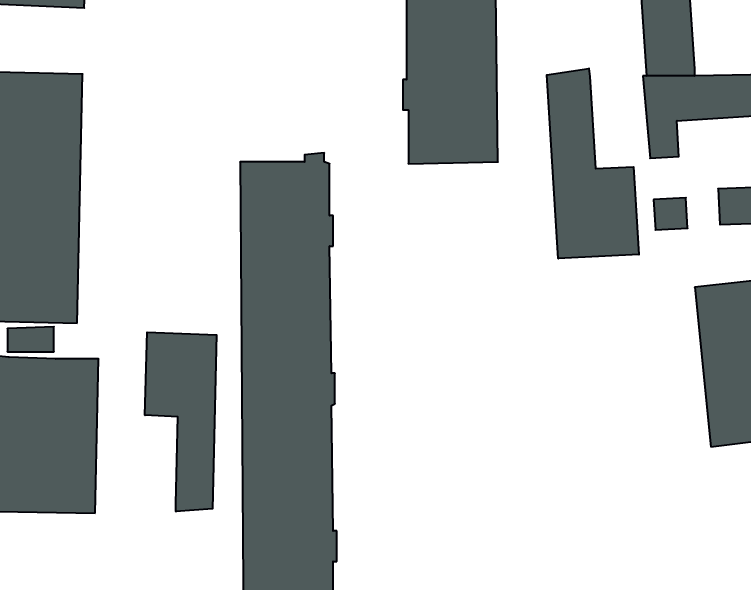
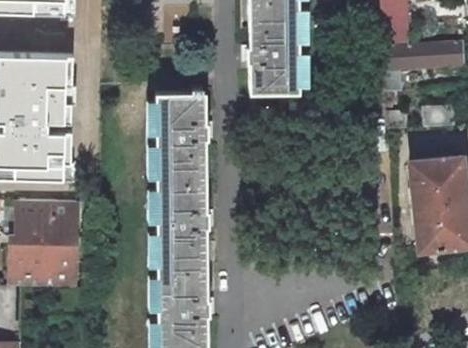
building: [547,68,639,259] -> none
building: [145,332,217,512] -> none

